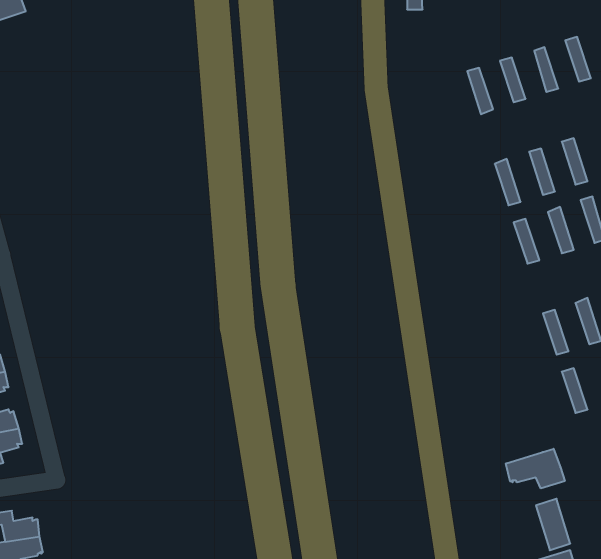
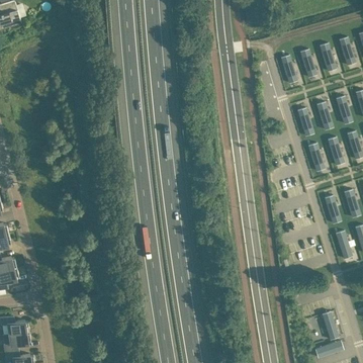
building: [506,449,565,488] -> none

